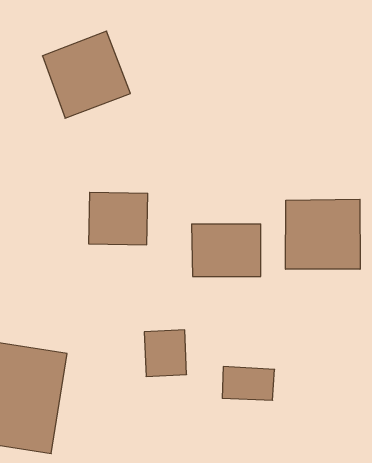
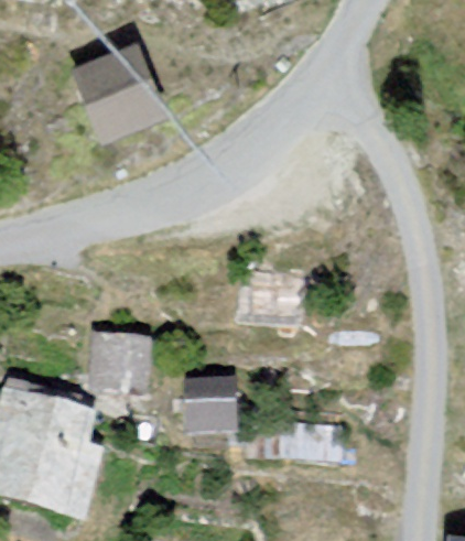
building: [89,192,148,245] -> [84,332,150,390]
building: [286,199,360,269] -> none

